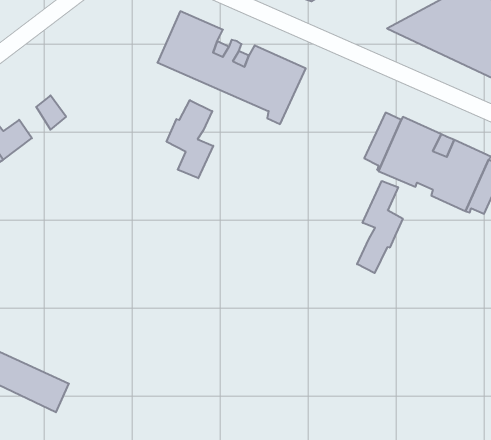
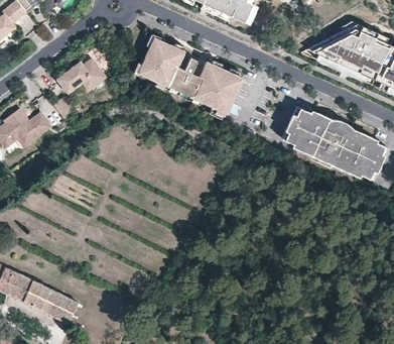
building: none -> [57,61,106,94]
building: [167,100,213,178] -> none
building: [357,181,403,273] -> none

